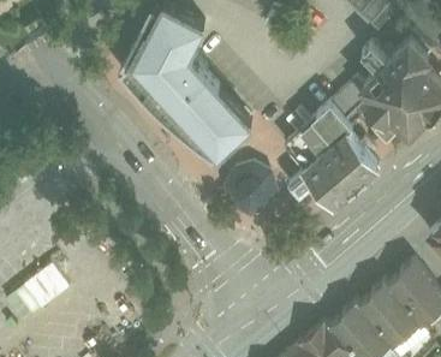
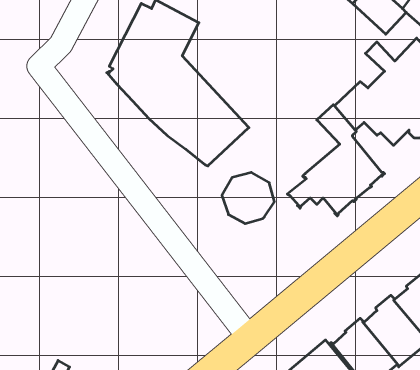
building: [286,114,339,165] -> none

